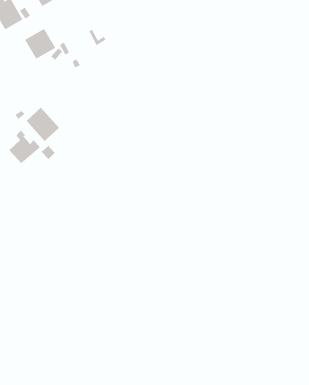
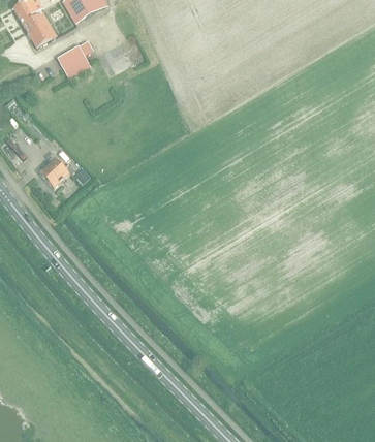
building: [26,107,60,142] -> none

